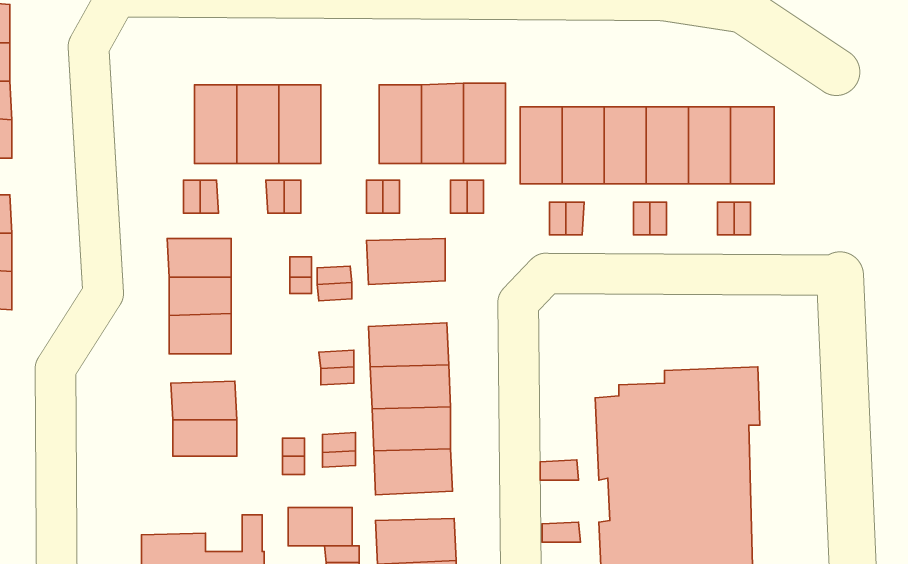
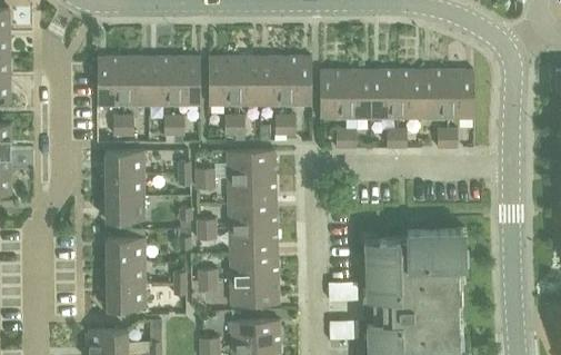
building: none -> [96,58,121,106]
building: none -> [207,58,233,106]
building: none -> [227,177,274,205]
building: [288,508,352,546] -> [108,284,147,307]

